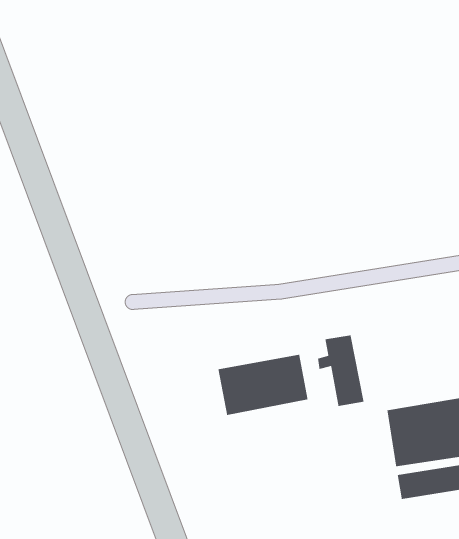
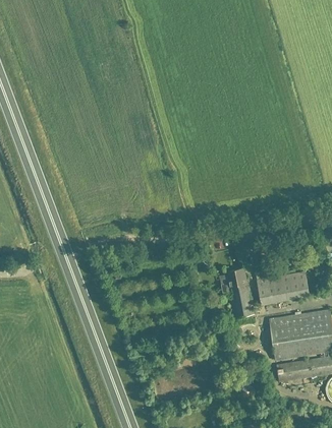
building: none -> [257,270,310,304]
building: [217,354,309,416] -> none

